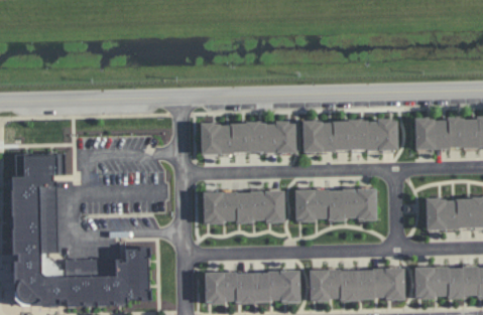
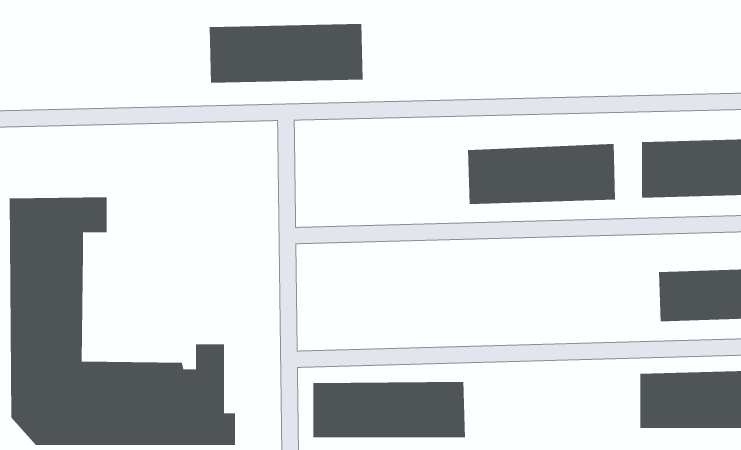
building: [199,120,298,158] -> [209,24,364,83]
building: [295,187,379,224] -> none
building: [201,188,283,224] -> none
building: [309,266,406,304] -> none

